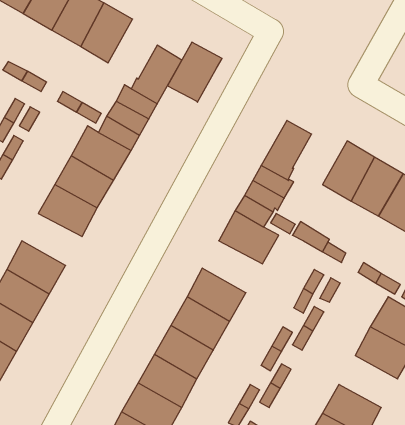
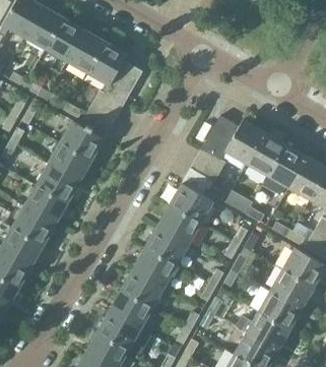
building: [167,42,222,102] -> [86,42,127,86]
building: none -> [223,120,264,165]
building: none -> [22,186,67,225]
building: none -> [156,206,201,245]
building: none -> [258,292,302,330]

